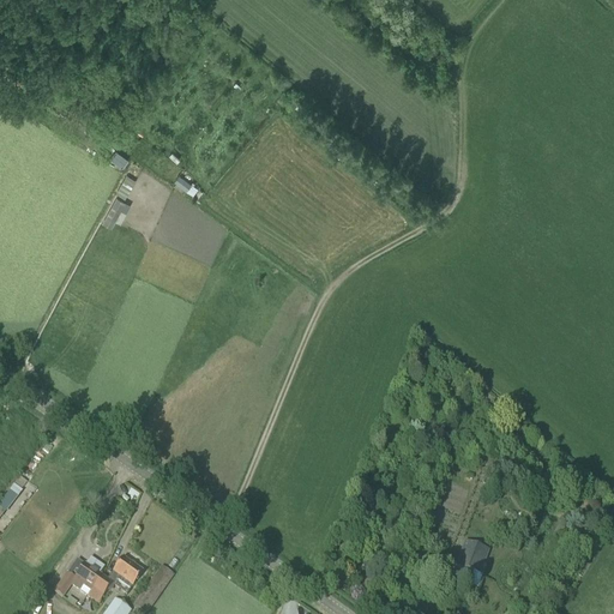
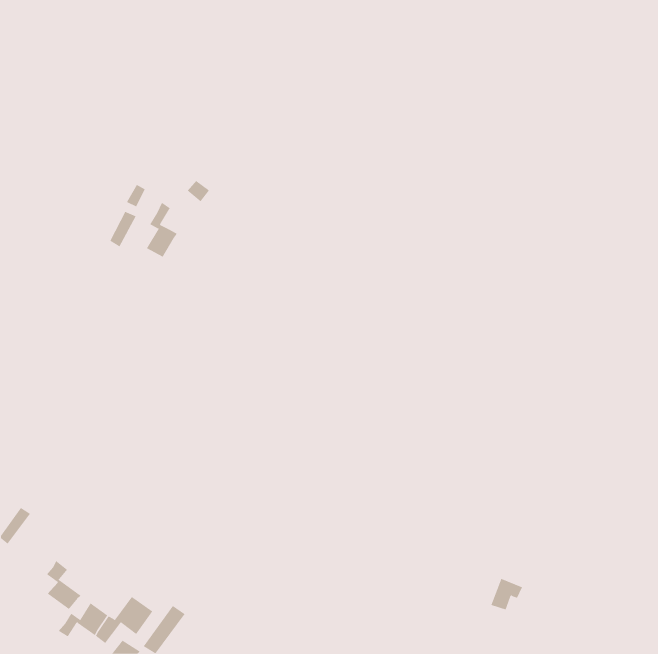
building: none -> [146,202,178,258]
building: none -> [46,560,82,610]

